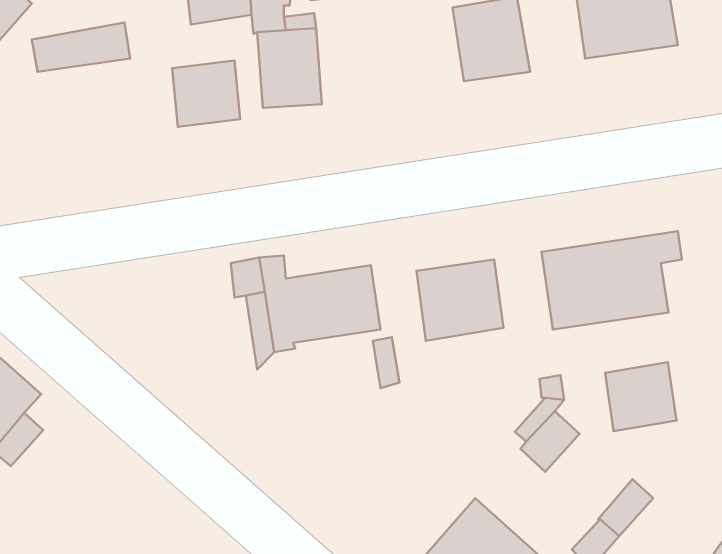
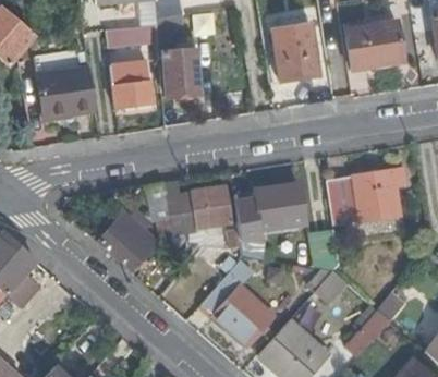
building: none -> [36,69,96,120]
building: none -> [99,217,158,271]
building: [605,362,676,431] -> none
building: none -> [200,277,271,344]

